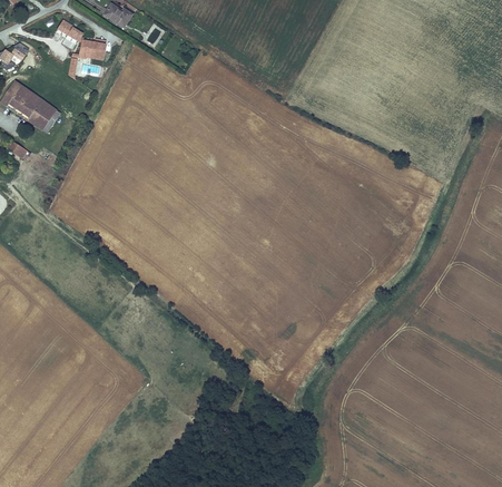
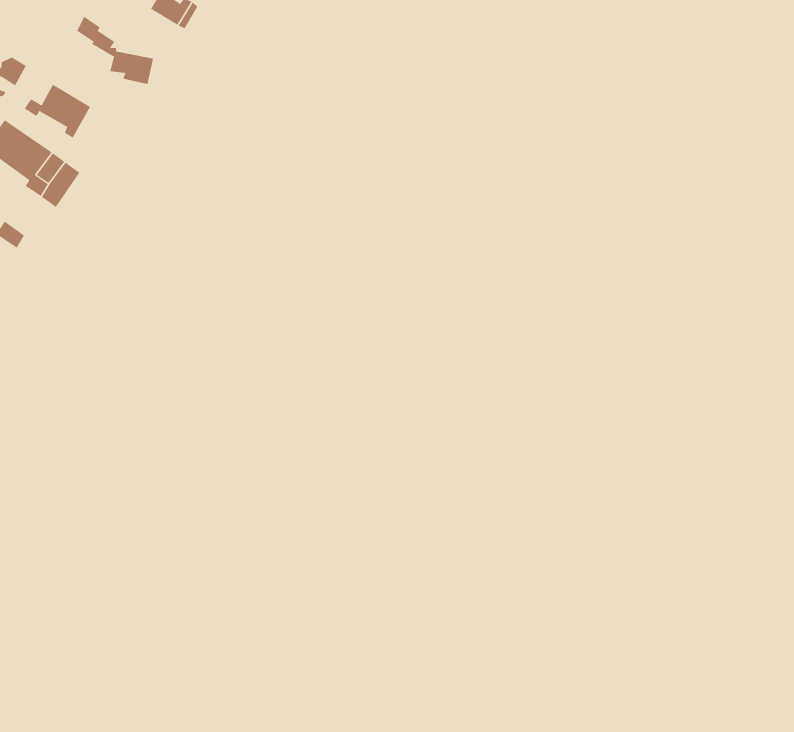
building: none -> [24,84,91,139]

